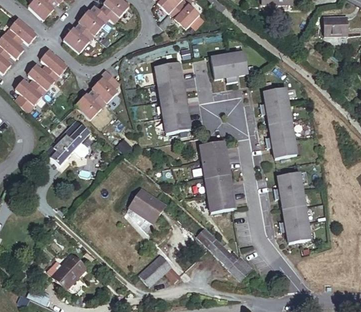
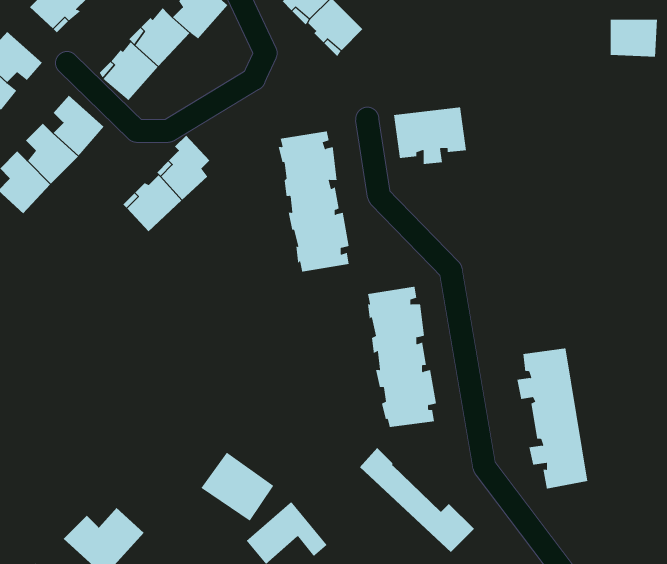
building: [261,93,297,164] -> none
building: [45,121,90,166] -> none
building: [129,190,166,225] -> [201,452,274,522]

